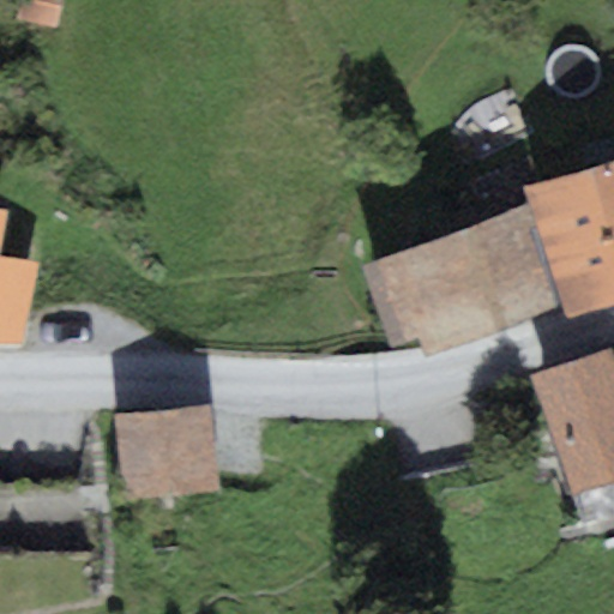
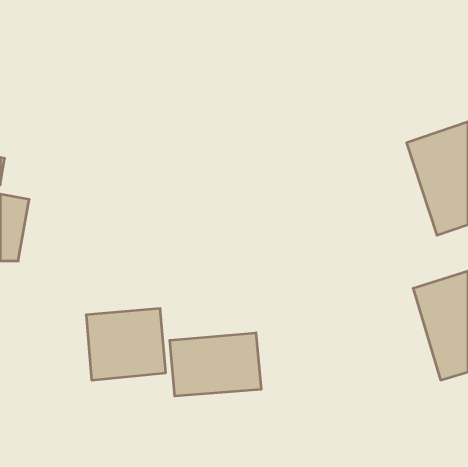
building: [378,215,553,353] -> none
building: none -> [170,333,261,396]

